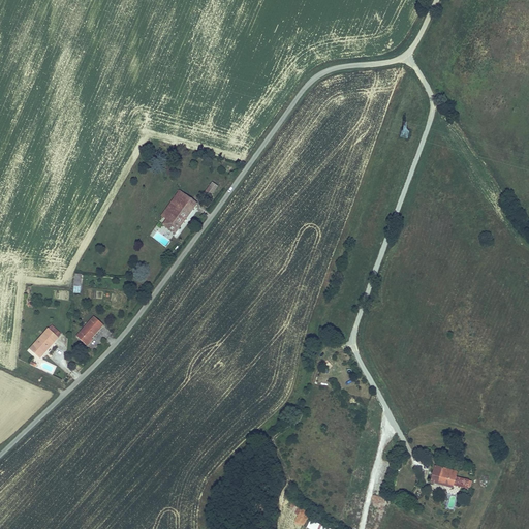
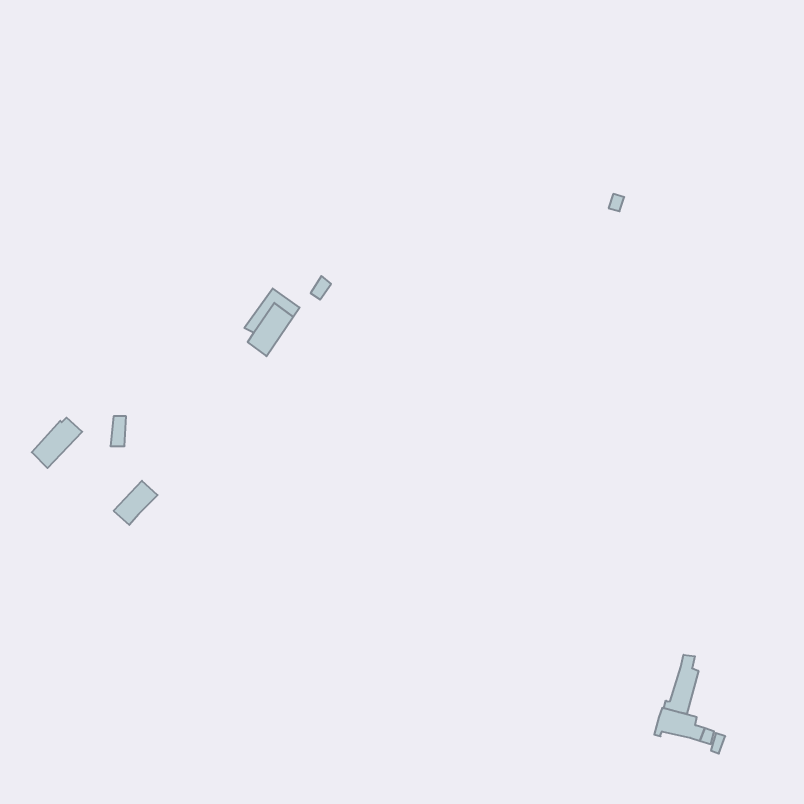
building: [28,325,61,359] -> [32,418,82,468]
building: none -> [664,655,698,714]

